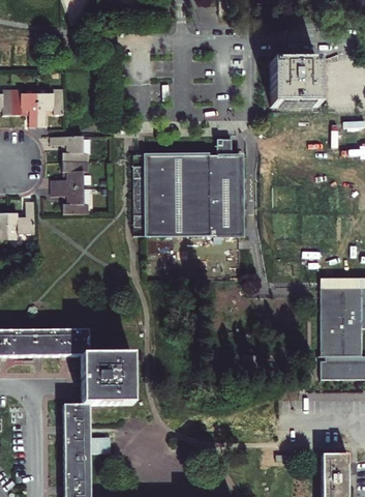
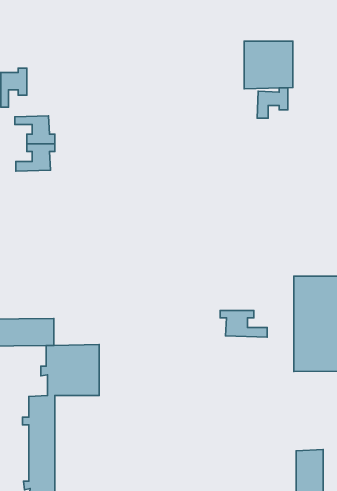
building: none -> [257,88,288,118]
building: [133,139,239,236] -> none
building: [54,186,91,212] -> none
building: none -> [220,310,267,337]

